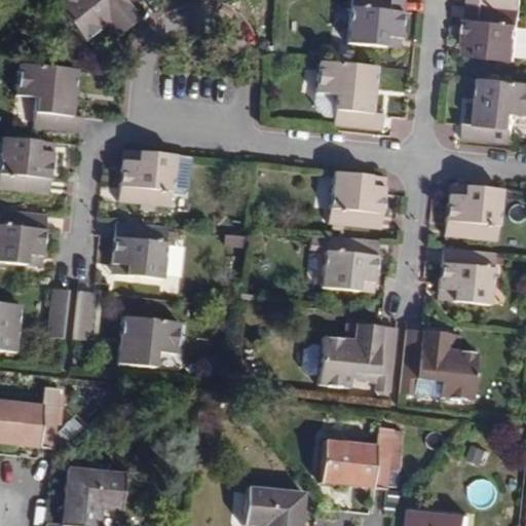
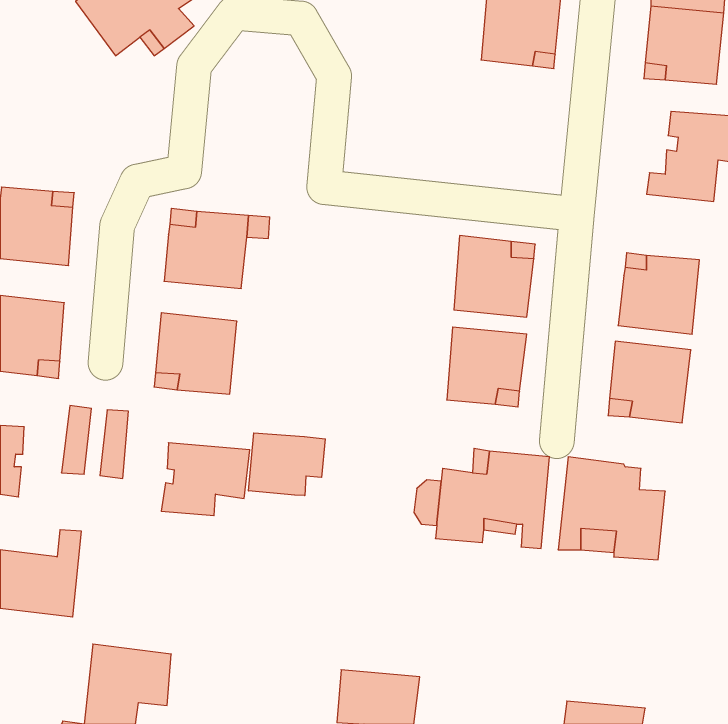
building: [20,61,85,128] -> none
building: [316,64,383,130] -> none
building: none -> [249,433,325,496]
building: [321,426,394,488] -> none

